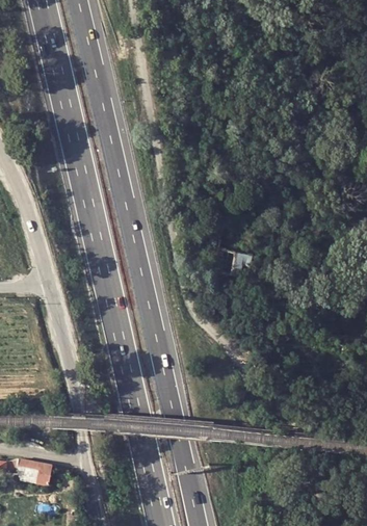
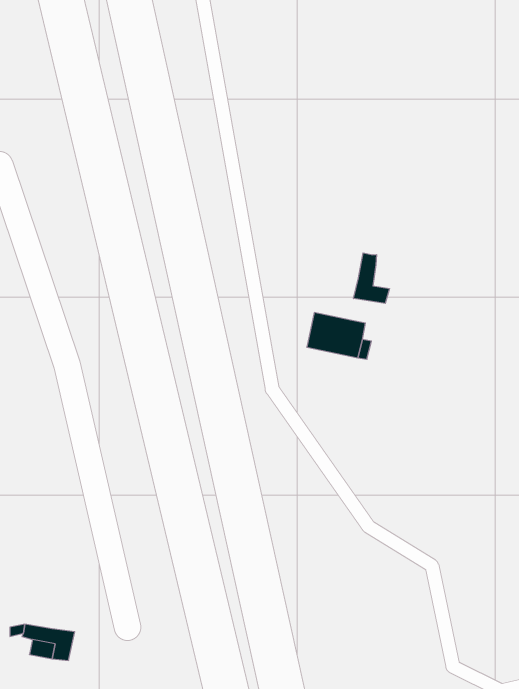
building: none -> [354,253,389,303]

